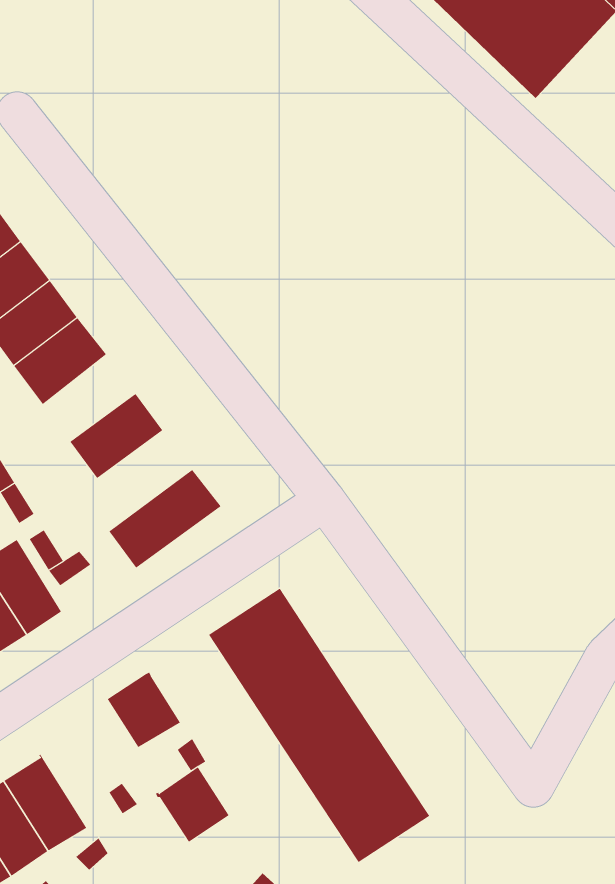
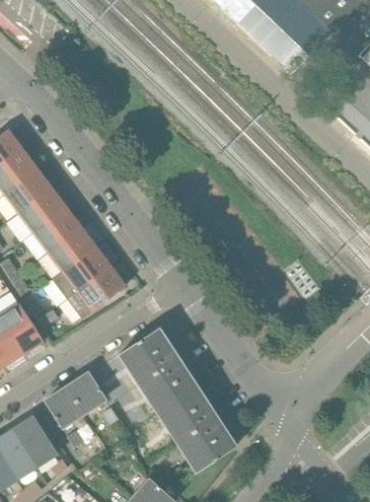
building: none -> [33,207,82,253]
building: none -> [53,246,112,299]
building: [155,766,229,842] -> [45,386,83,426]

